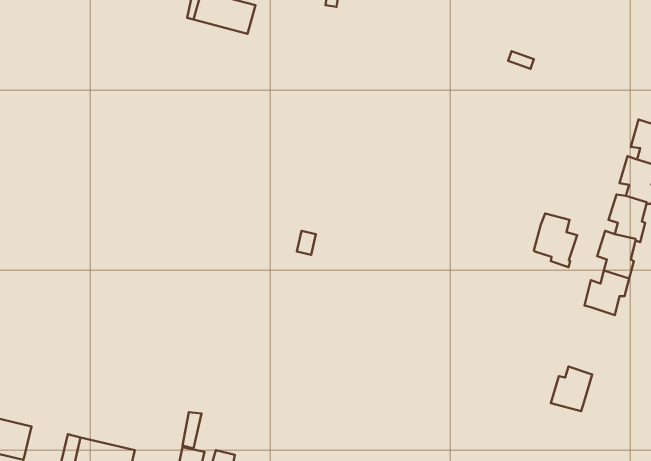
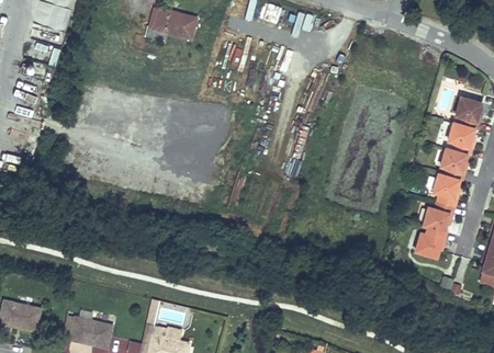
building: [534,213,577,267] -> none
building: [551,367,592,411] -> [416,226,445,257]

